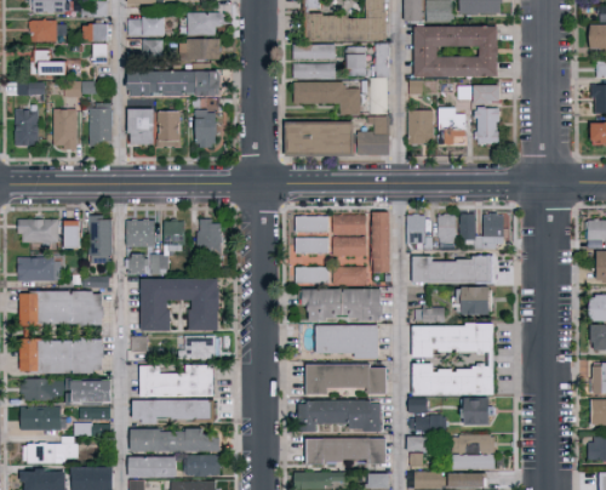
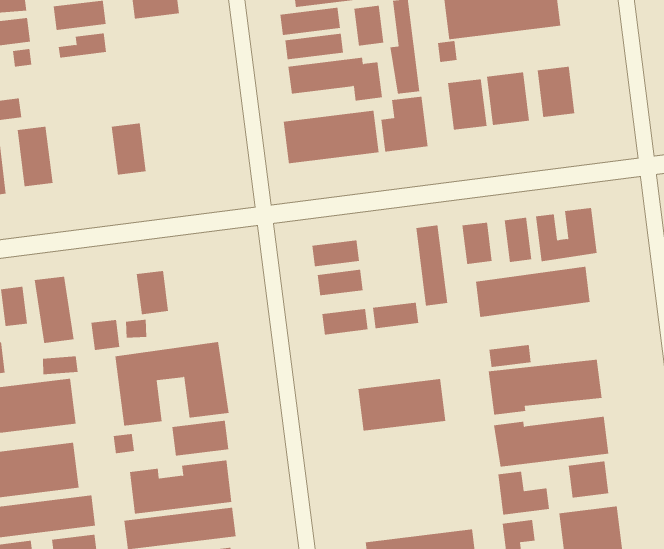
building: [185,39,222,59] -> none
building: [127,72,219,96] -> none
building: [458,85,499,102] -> none
building: [127,108,154,144] -> none
building: [195,110,216,148] -> none
building: [331,215,366,257] -> none
building: [198,218,223,253] -> none
building: [127,220,155,247] -> none
building: [456,287,488,314] -> none
building: [302,289,383,320] -> none
building: [305,364,387,394] -> none
building: [301,400,382,432] -> none

